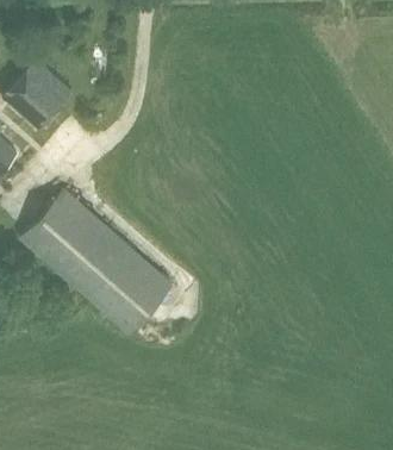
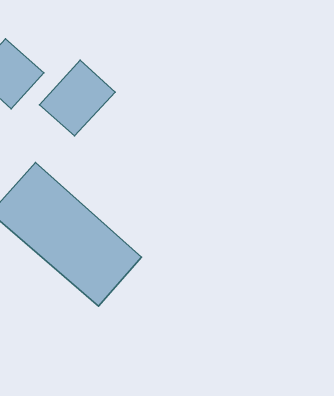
building: none -> [40,60,115,136]

